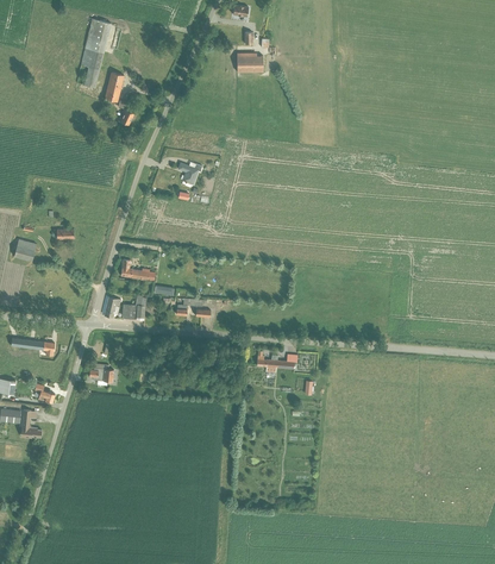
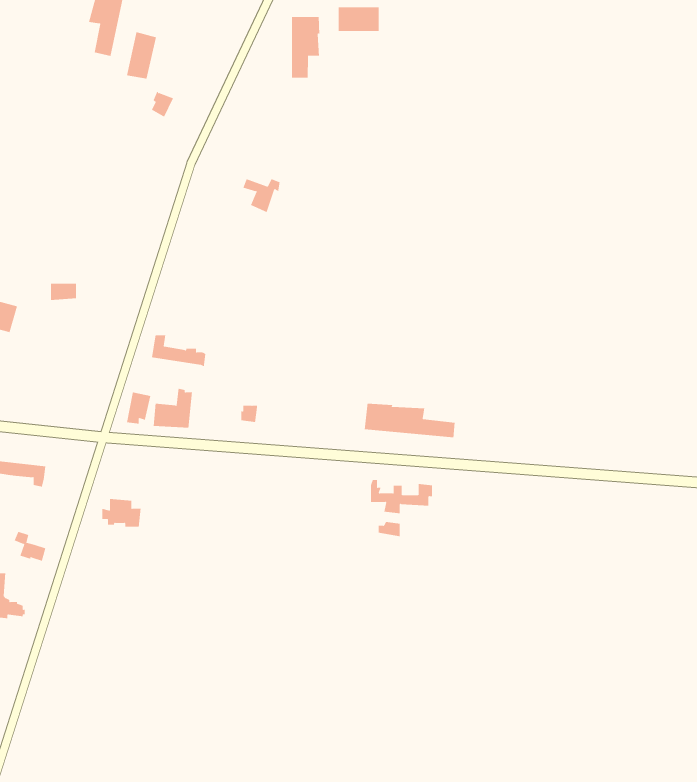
building: none -> [291,16,320,78]
building: none -> [364,403,455,438]

